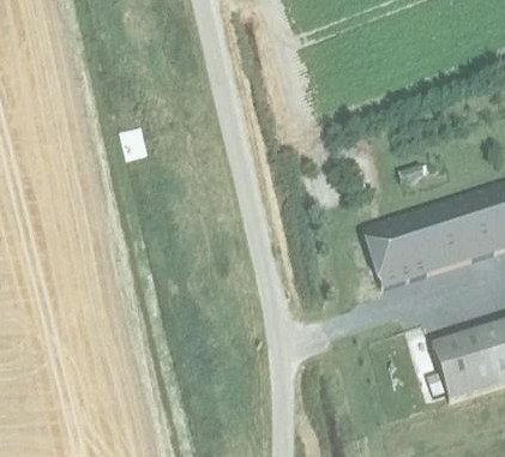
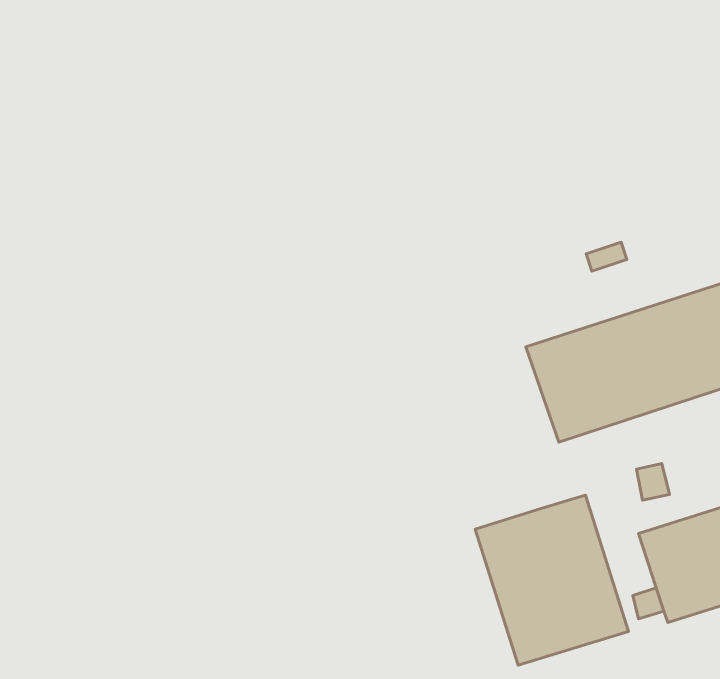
building: none -> [475,495,628,665]

